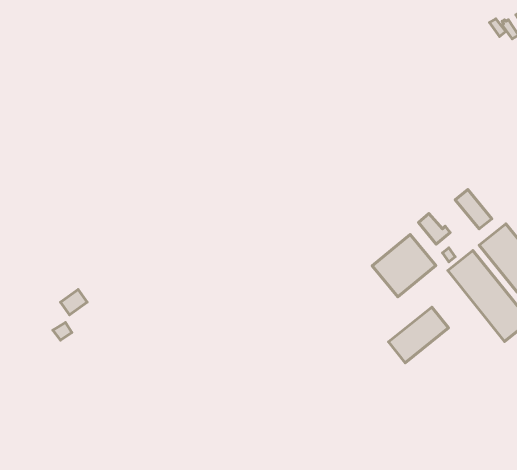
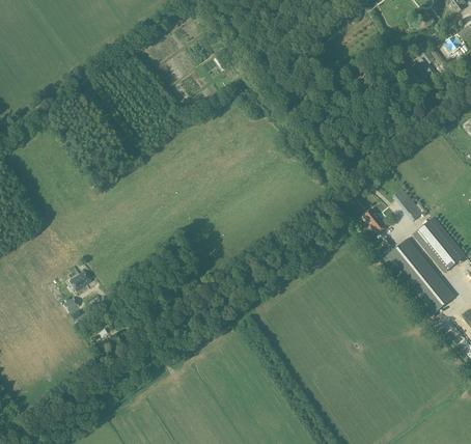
building: [372,235,436,297] -> none
building: [389,307,449,363] -> none

